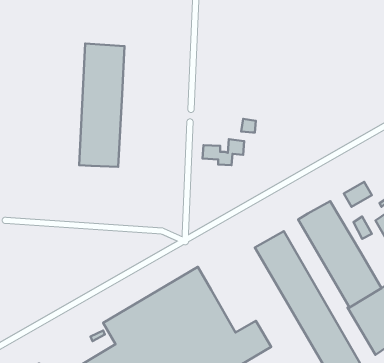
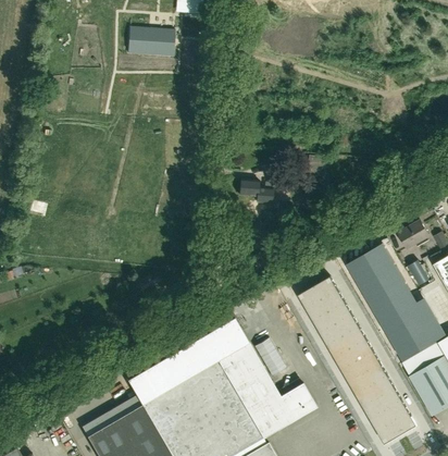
building: none -> [128,27,174,56]
building: [79,43,124,167] -> none

